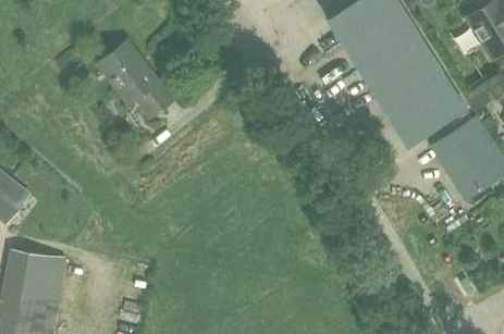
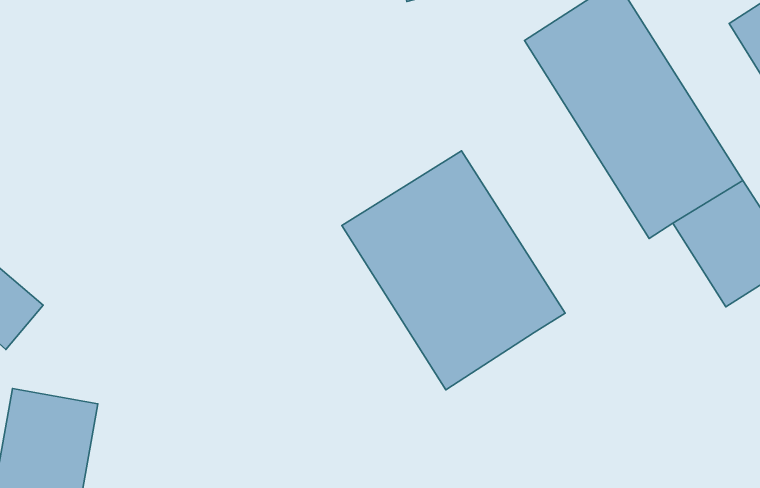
building: [96,40,175,117] -> none
building: none -> [342,151,565,390]

